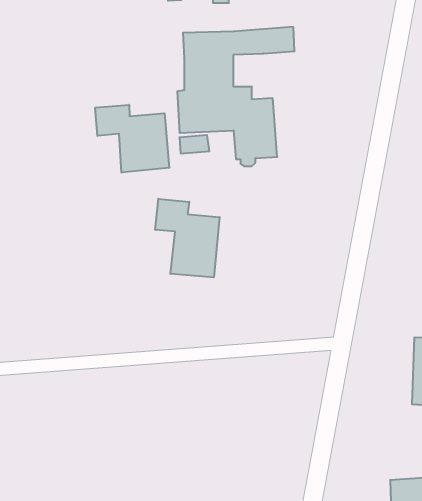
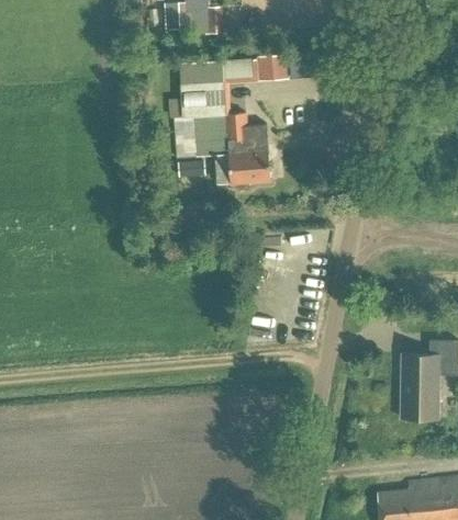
building: [95,105,169,173] -> none
building: [155,199,220,277] -> none

